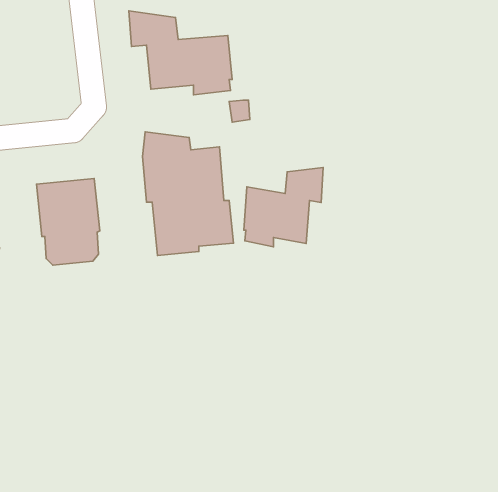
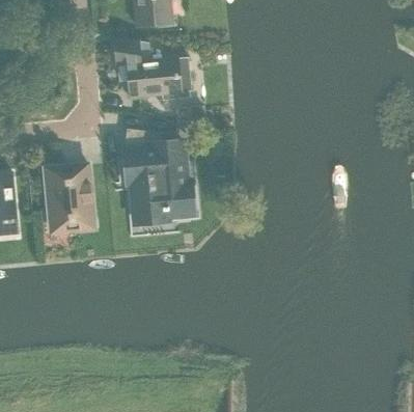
building: [244,168,323,247] -> none

